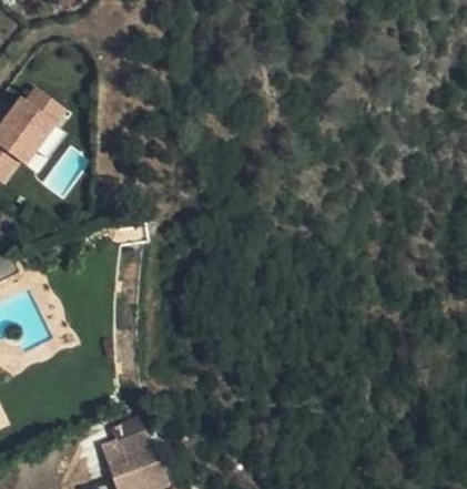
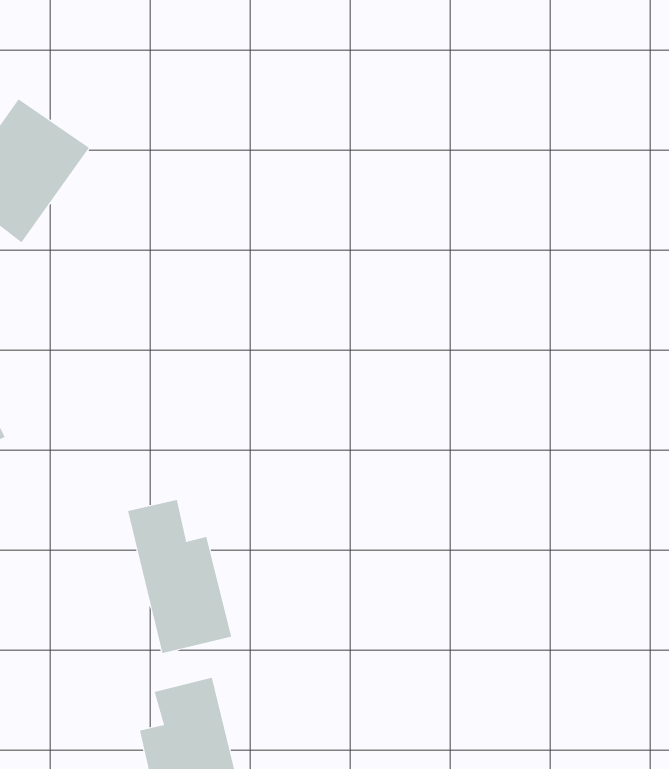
building: none -> [127,499,232,654]

